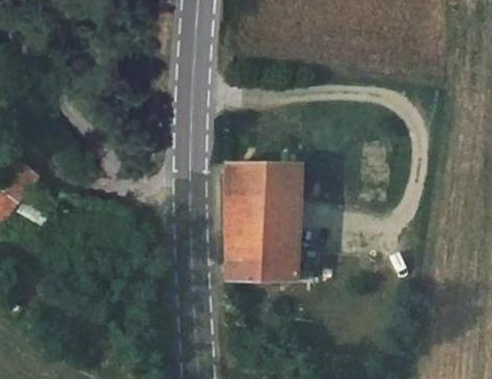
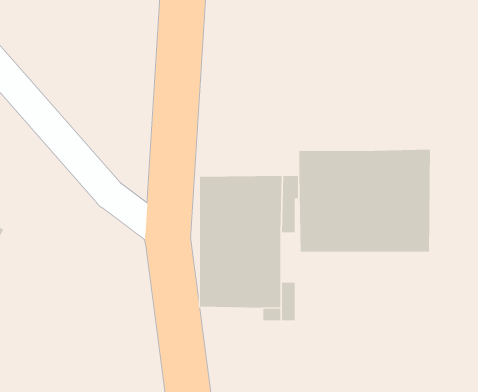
building: none -> [299,149,431,252]

